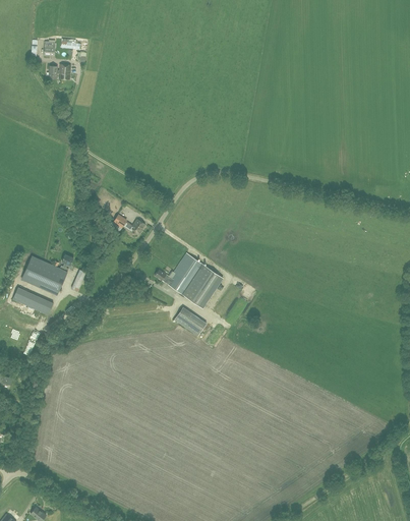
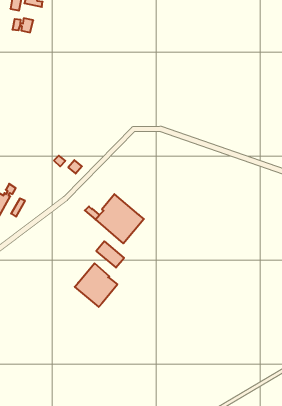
building: none -> [75,263,117,307]

